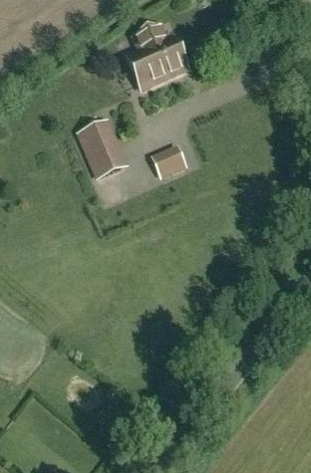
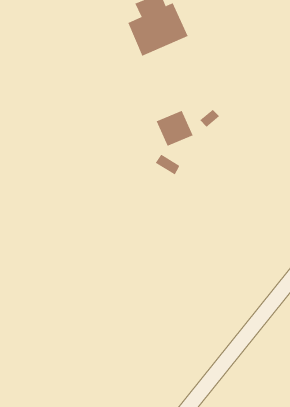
building: [79,124,121,177] -> none

